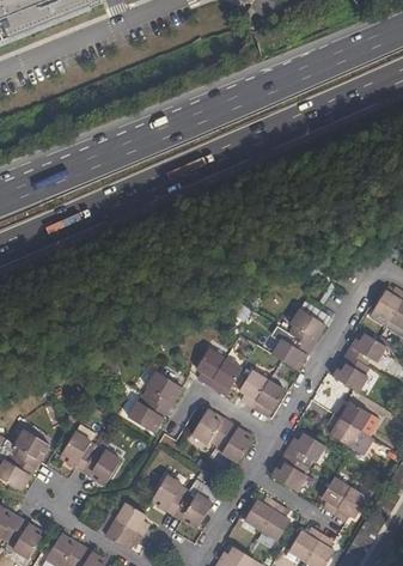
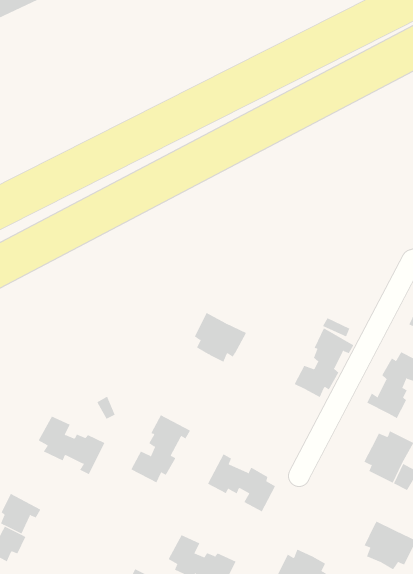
building: [196,349,242,394] -> [194,312,247,362]
building: [239,372,285,415] -> none
building: [271,433,324,491] -> none
building: [61,434,118,487] -> [38,416,105,475]

